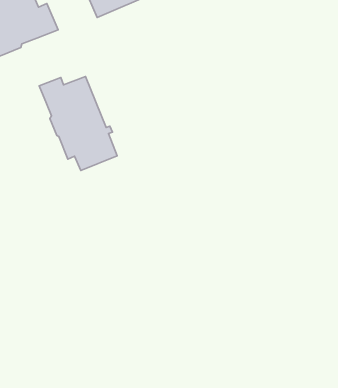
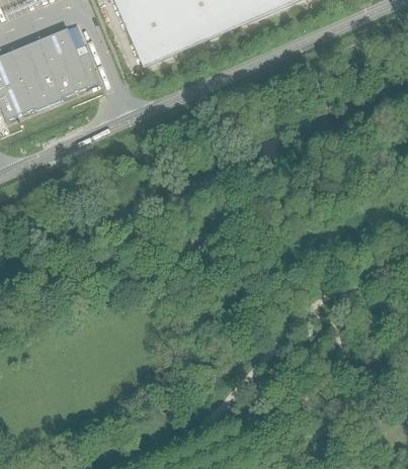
building: [39,76,117,170] -> none

